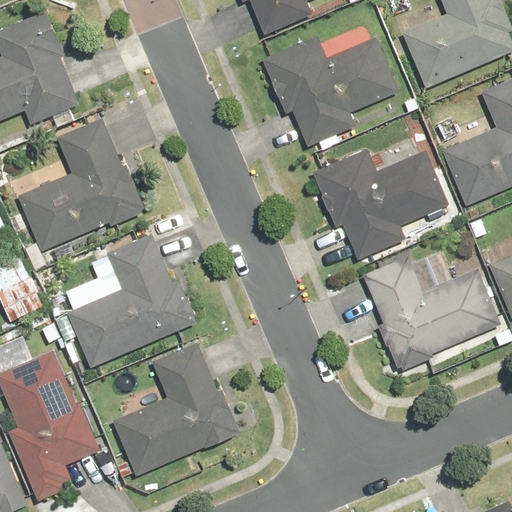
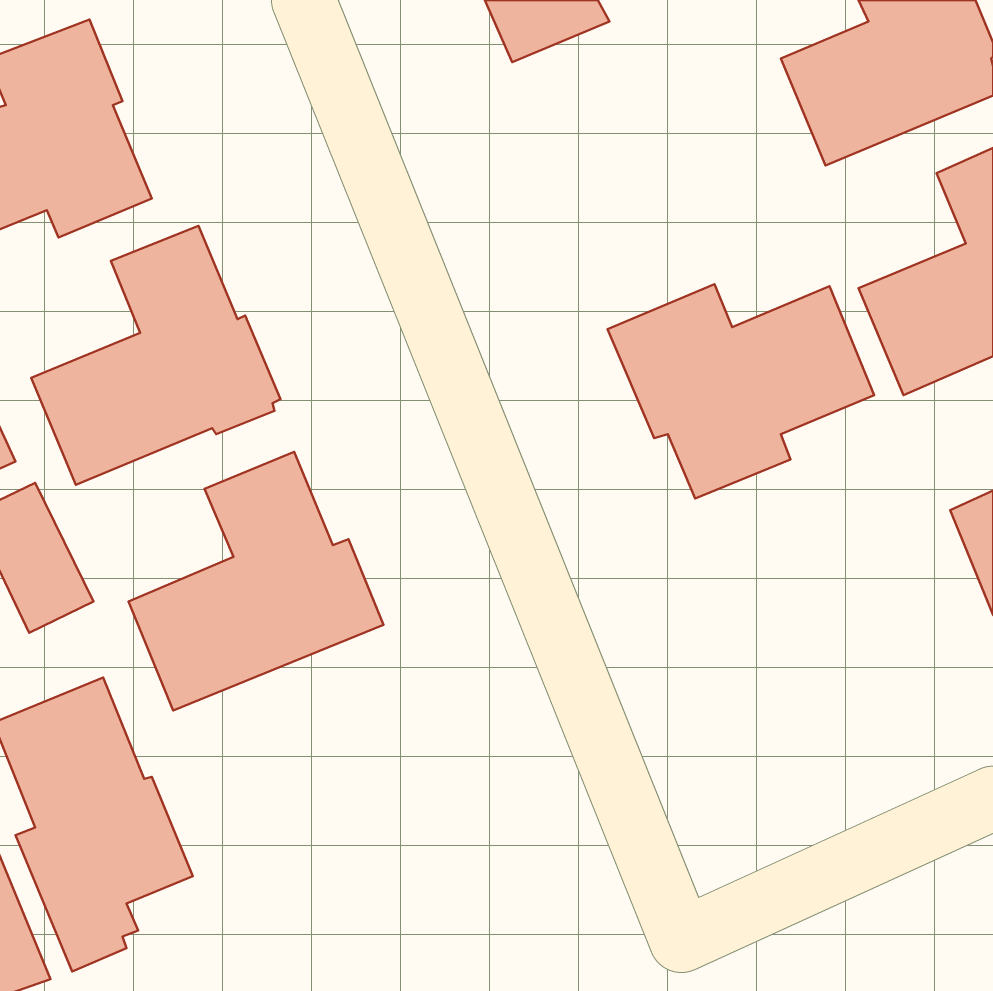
building: [262,35,399,146] -> none
building: [363,255,501,372] -> none
building: [112,343,240,477] -> none

